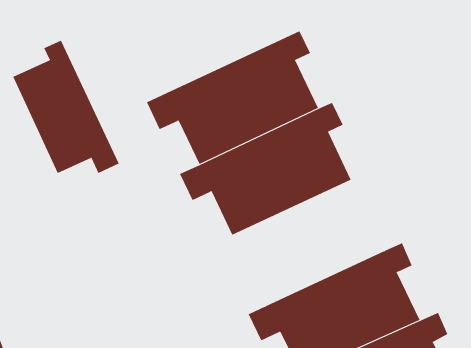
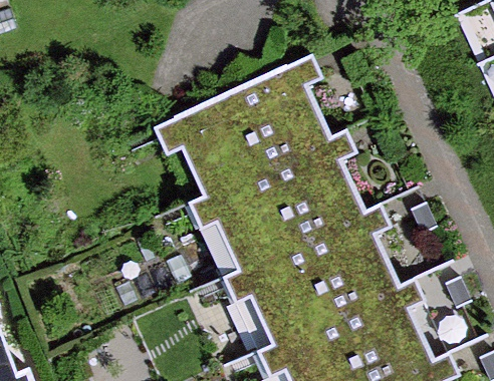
building: [13,40,119,174] -> none
building: none -> [221,202,394,336]

